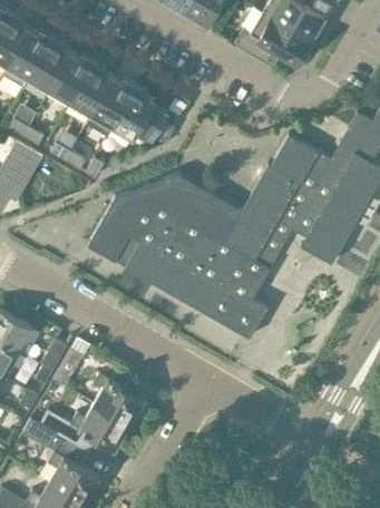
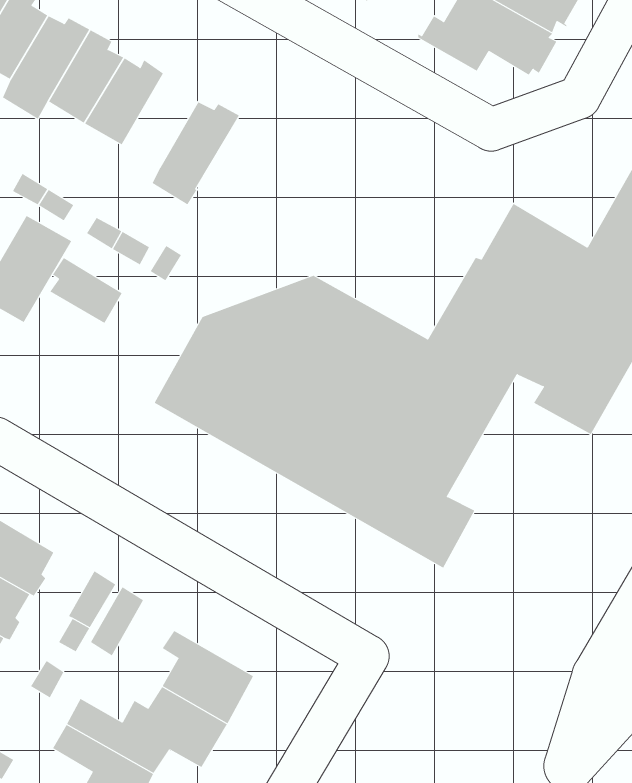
building: [70,62,113,115] -> none
building: [111,86,167,145] -> none
building: none -> [50,257,123,324]

